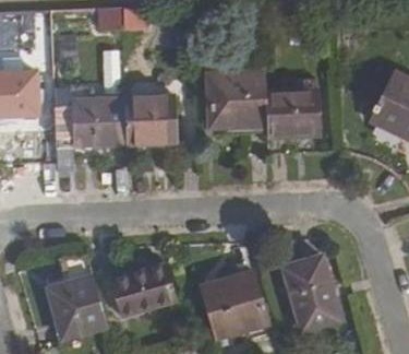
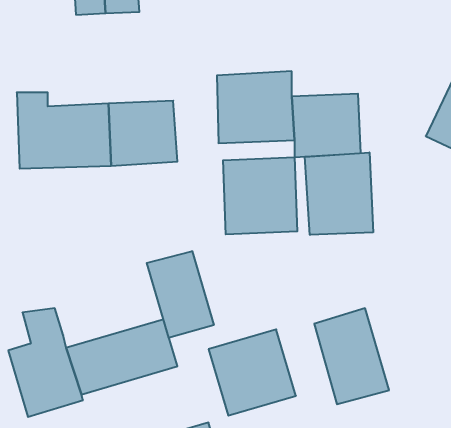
building: none -> [305,152,373,235]
building: none -> [223,157,297,234]
building: none -> [147,251,214,338]

